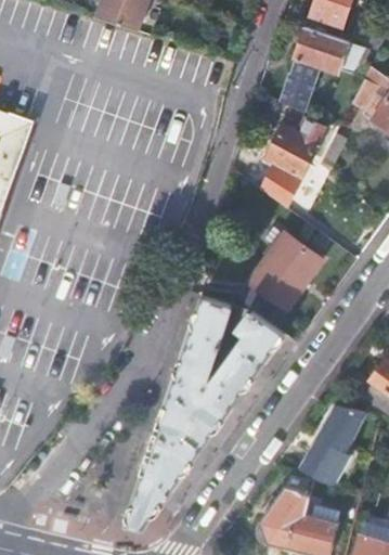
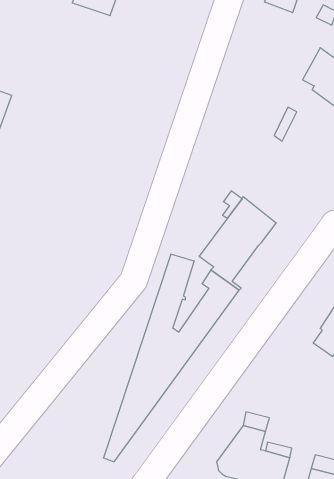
building: [278,25,362,112] -> none
building: [264,116,330,190] -> none
building: [300,403,364,485] -> none

